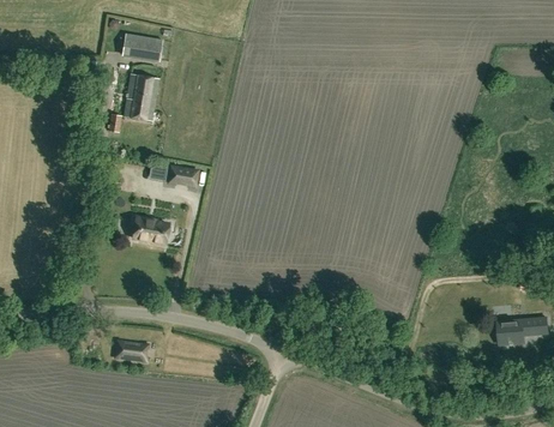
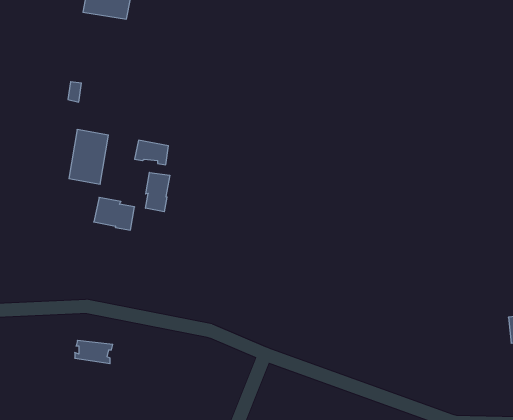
building: [124,73,158,121] -> [69,130,108,184]
building: none -> [146,172,170,212]

